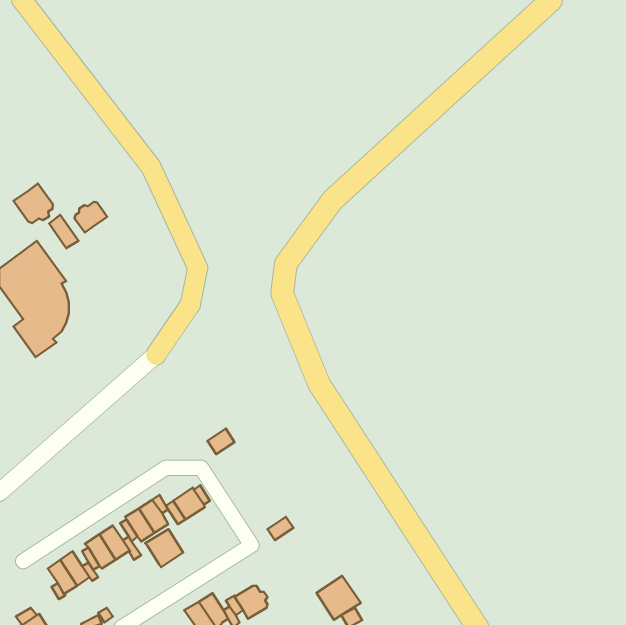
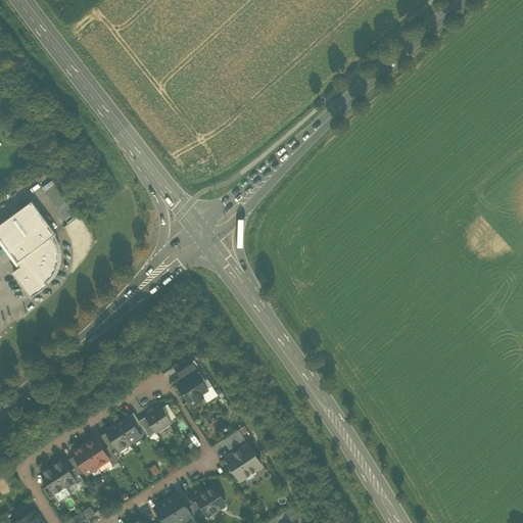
building: [13,183,53,223] -> none
building: [75,202,107,233] -> none
building: none -> [178,373,206,403]
building: [145,529,183,567] -> none
building: [316,576,361,620] -> [225,445,262,482]

